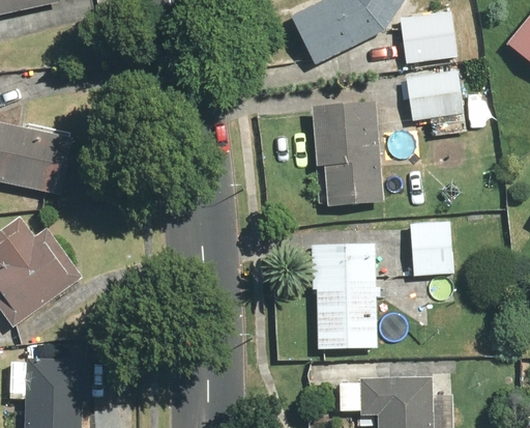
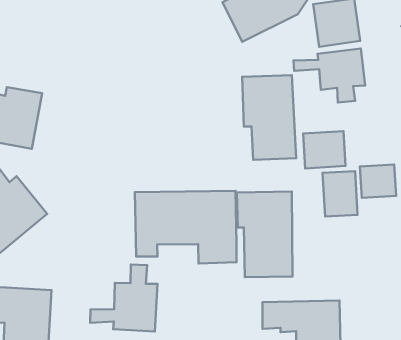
building: none -> [303,131,346,168]
building: none -> [360,165,396,198]
building: none -> [135,191,237,263]
building: none -> [90,265,157,332]

